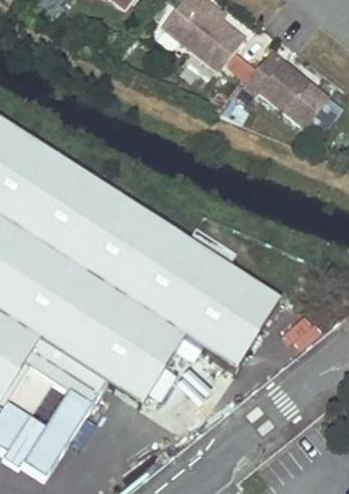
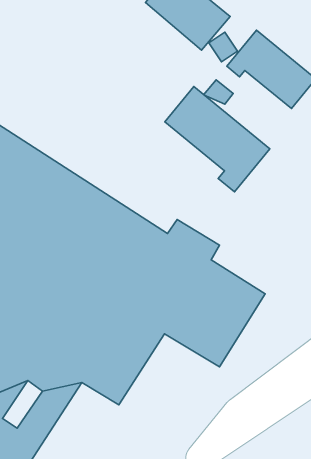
building: none -> [165,87,270,192]

